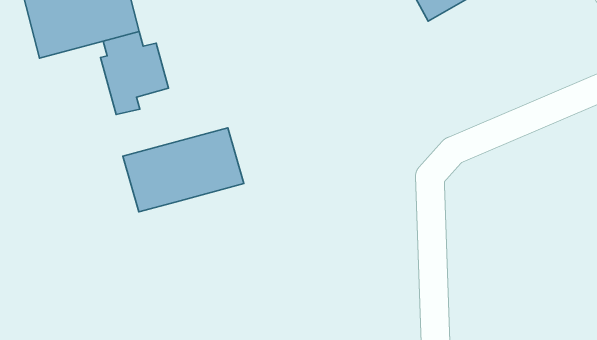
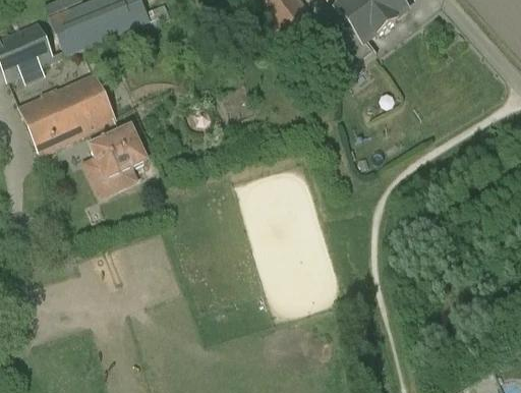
building: [123,128,244,212] -> none

